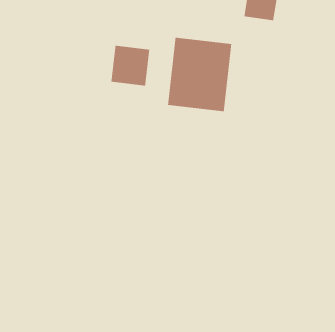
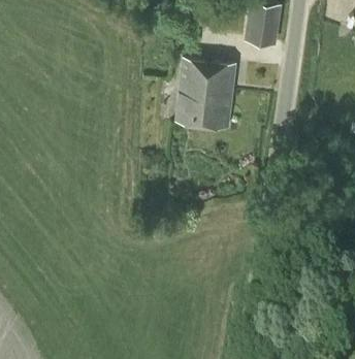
building: [111,45,150,87] -> none

